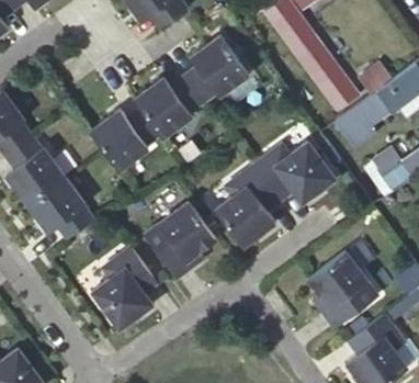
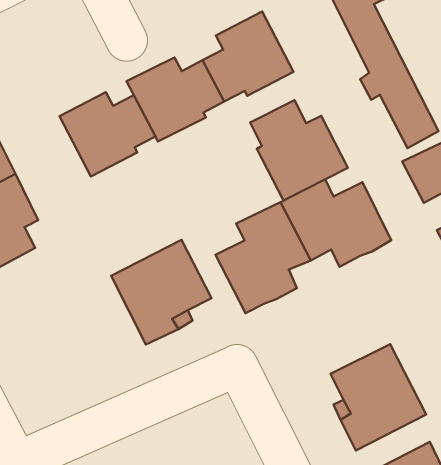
building: none -> [250,100,348,201]
building: [93,246,158,327] -> none

